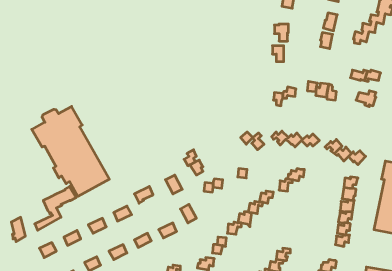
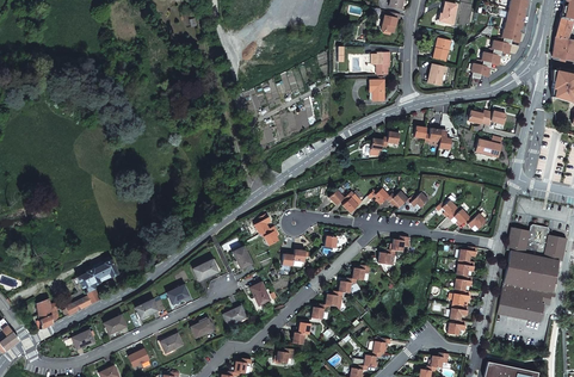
building: [32,106,109,196] -> none

